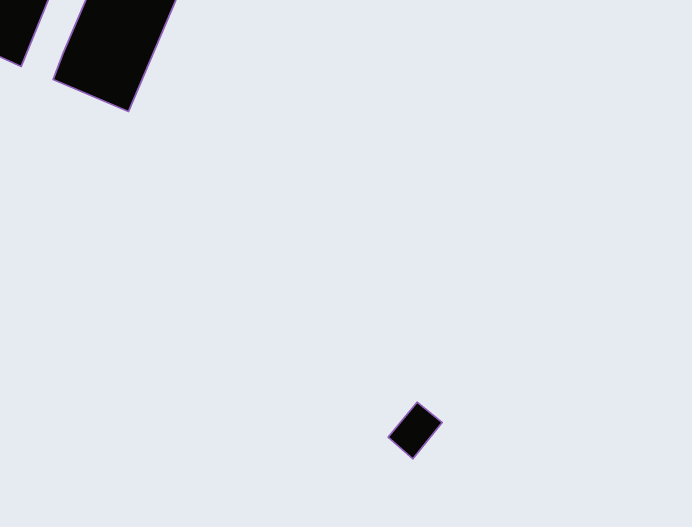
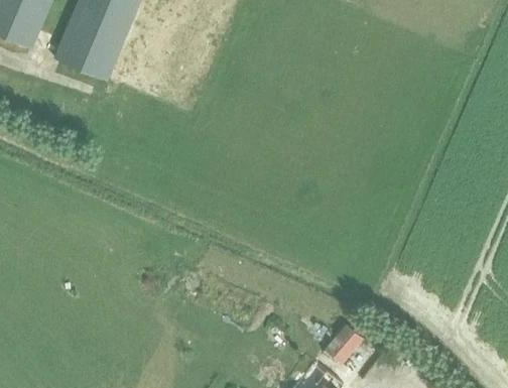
building: [388,402,442,459] -> [325,325,362,364]

